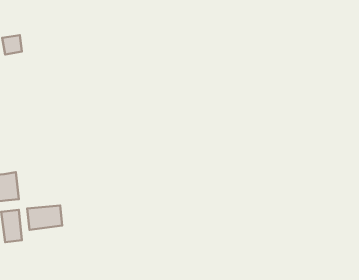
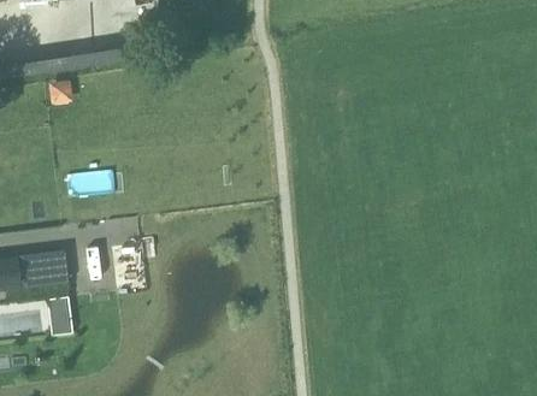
building: [27,205,62,230] -> none

